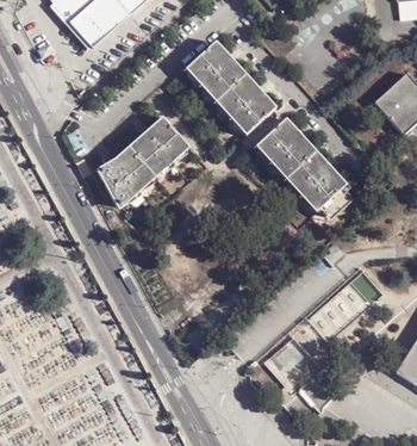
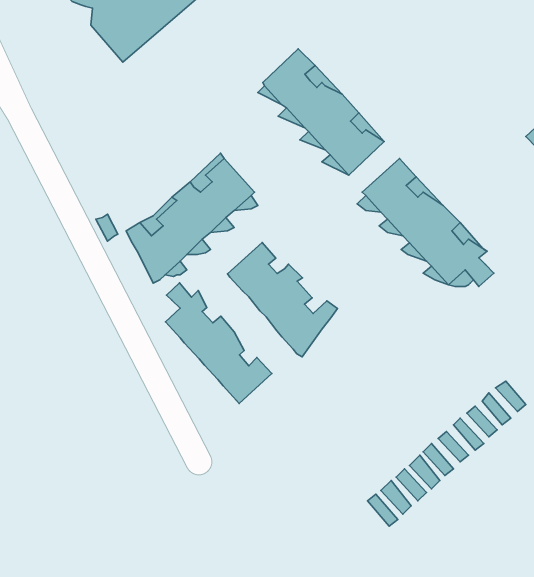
building: none -> [228,243,338,357]
building: none -> [165,283,272,404]

